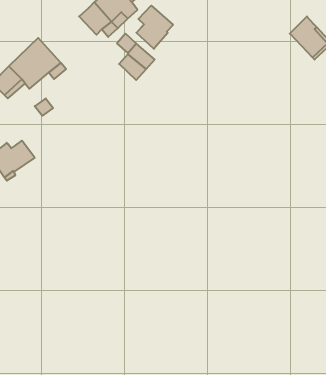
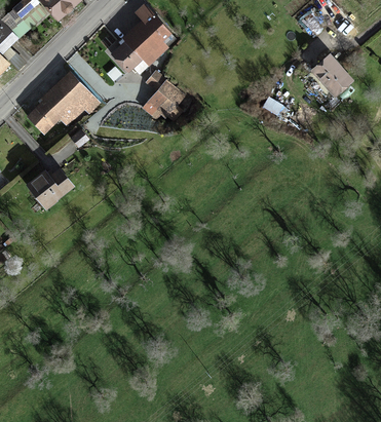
building: [136,6,173,49] -> none

